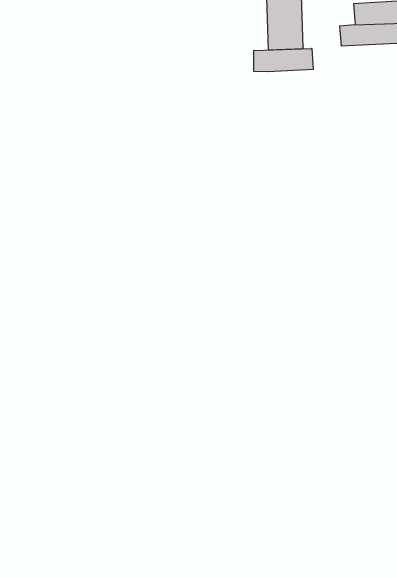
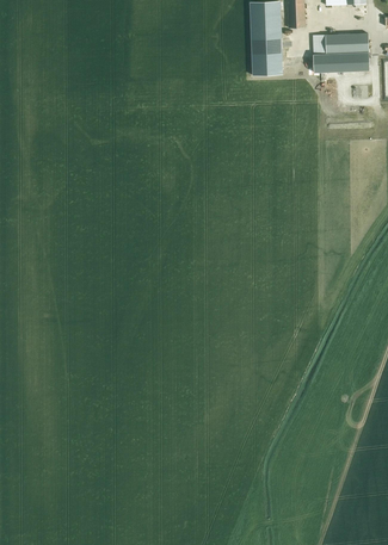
building: [254,48,313,72] -> none

